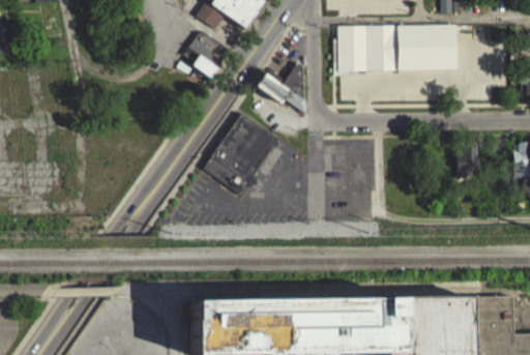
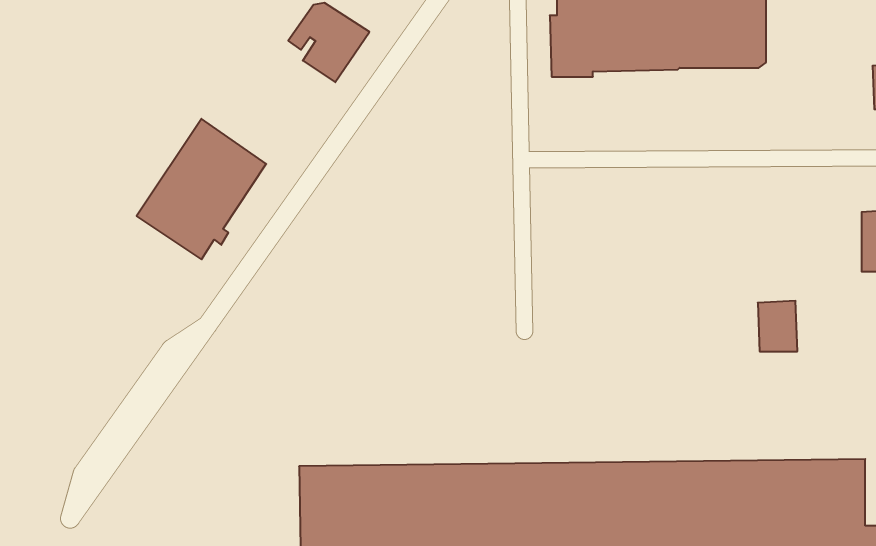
building: [254,60,307,111] -> none
building: [205,111,279,191] -> [137,119,266,259]
building: [457,151,479,180] -> [758,301,797,351]

